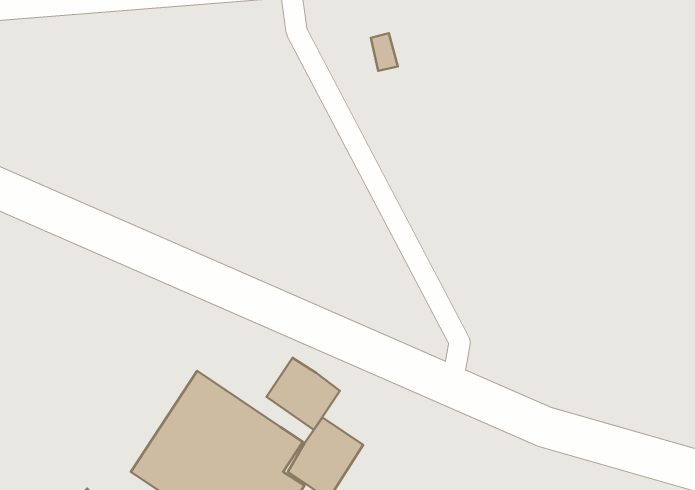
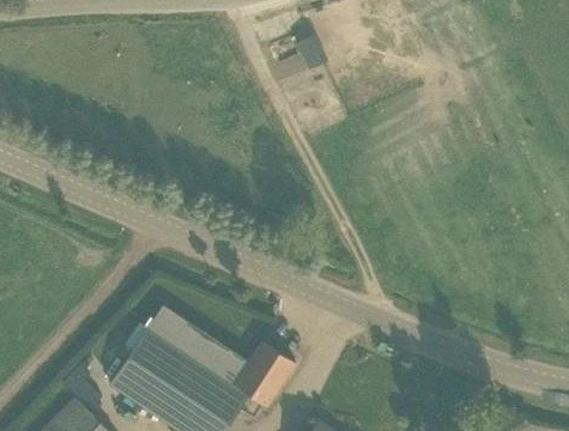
building: [266,358,340,430] -> none

